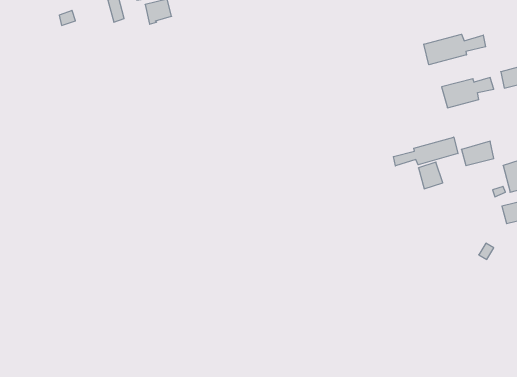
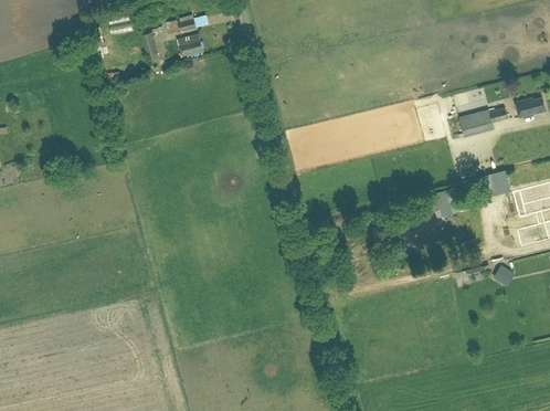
building: [424,34,486,65] -> none
building: [393,137,458,166] -> none

